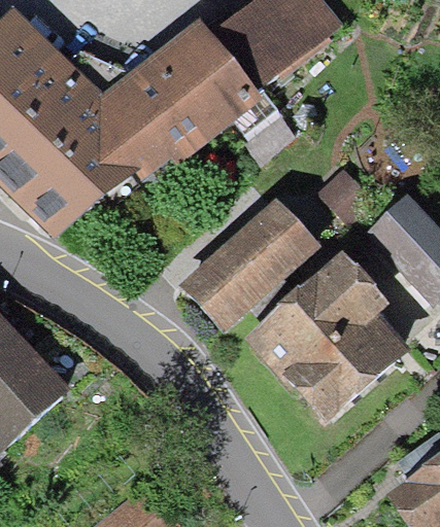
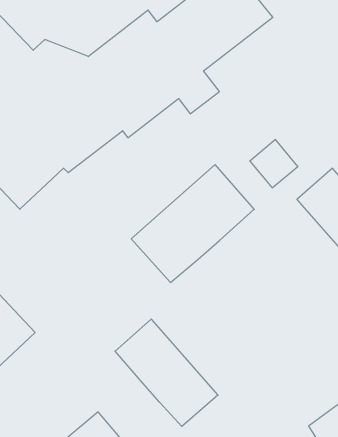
building: [245,252,407,421] -> none
building: none -> [115,319,218,426]

